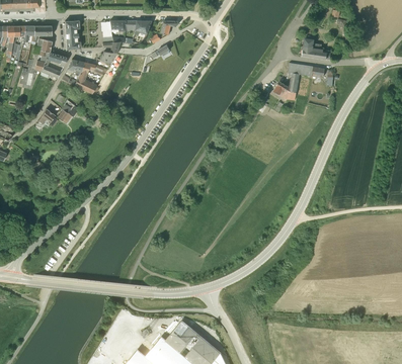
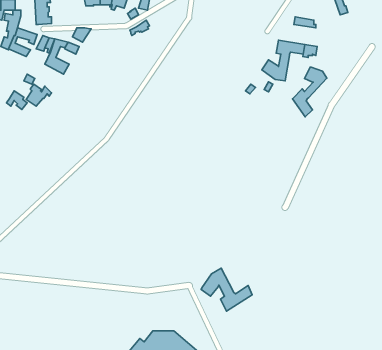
building: none -> [292,67,327,117]
building: none -> [201,268,252,311]

